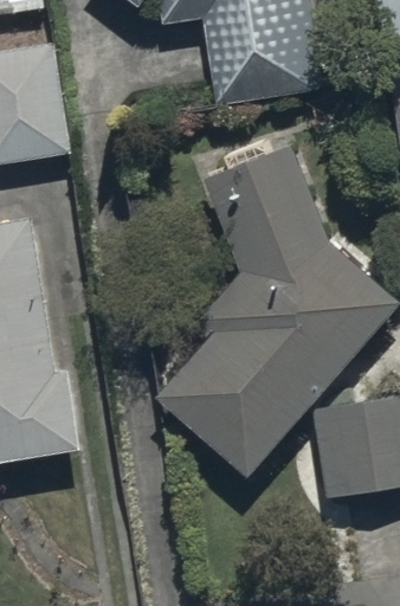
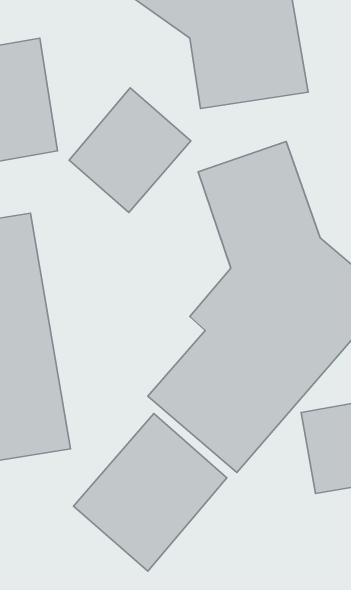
building: none -> [69,88,191,213]
building: none -> [73,413,227,571]

